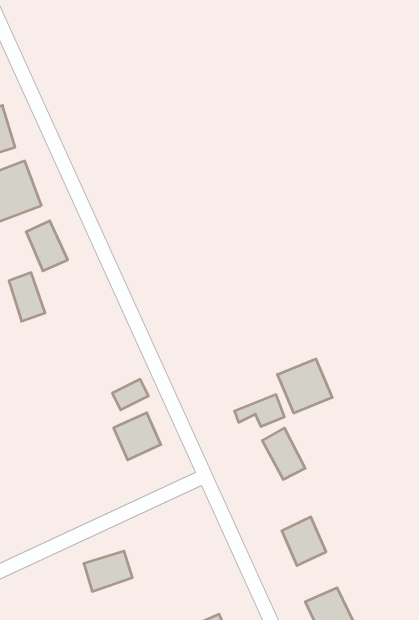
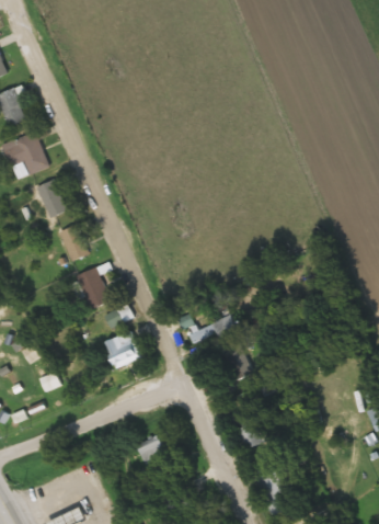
building: [9,273,45,321] -> [59,225,88,263]
building: none -> [76,267,110,310]
building: [277,359,332,413] -> none
building: [84,551,132,591] -> [136,432,174,464]

